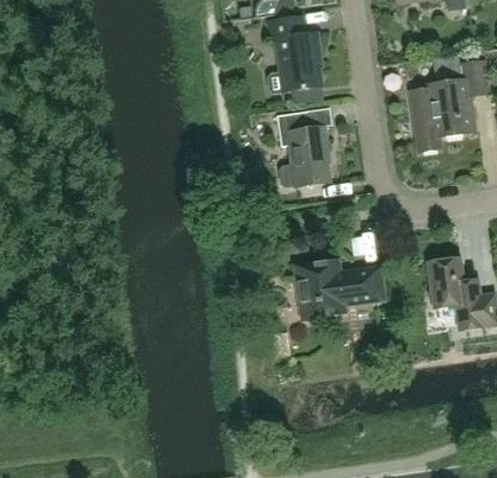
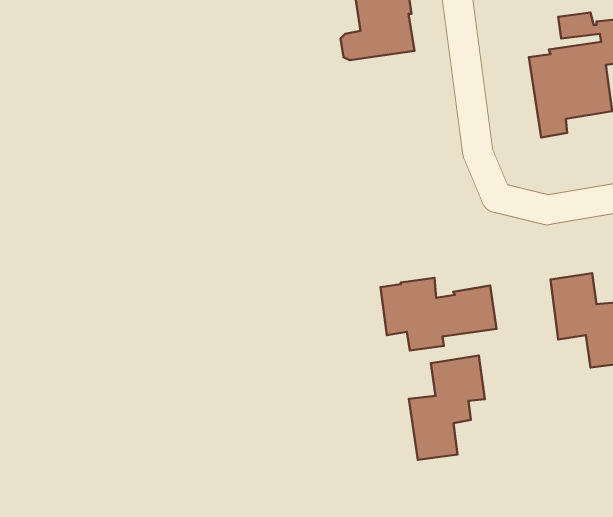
building: [278,110,331,186] -> none
building: none -> [409,355,485,460]

